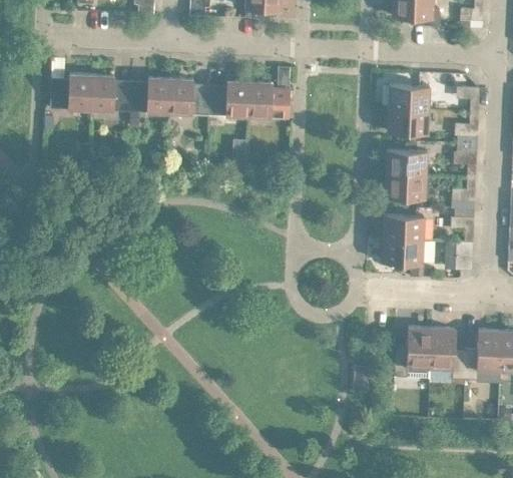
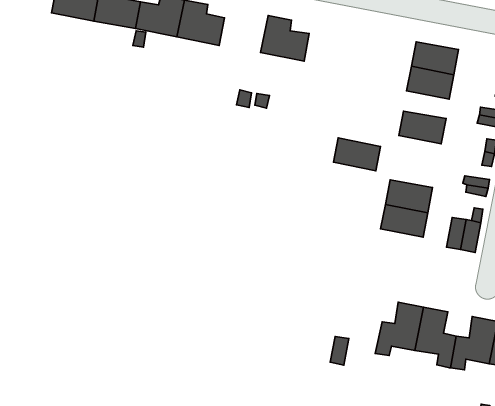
building: [209,81,250,116] -> none
building: [386,173,427,198] -> [333,138,381,171]

